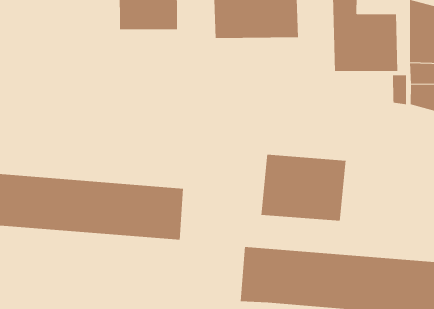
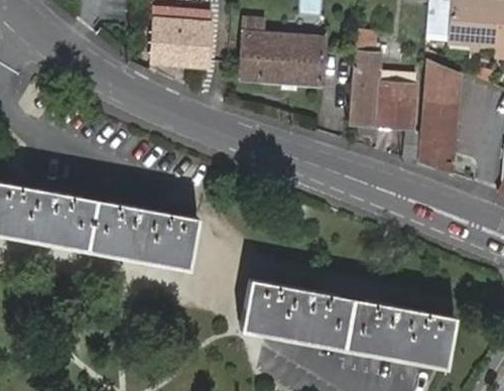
building: [261,154,346,222] -> none

